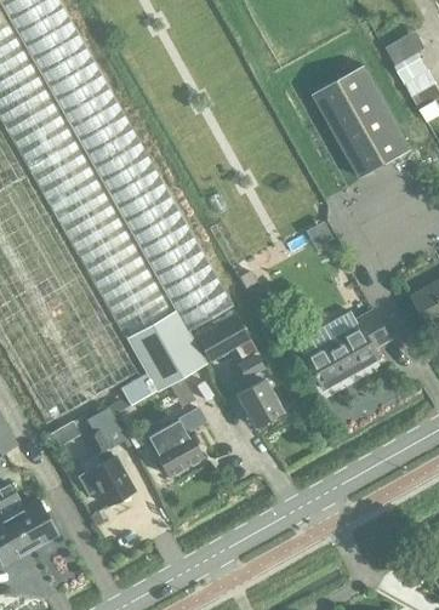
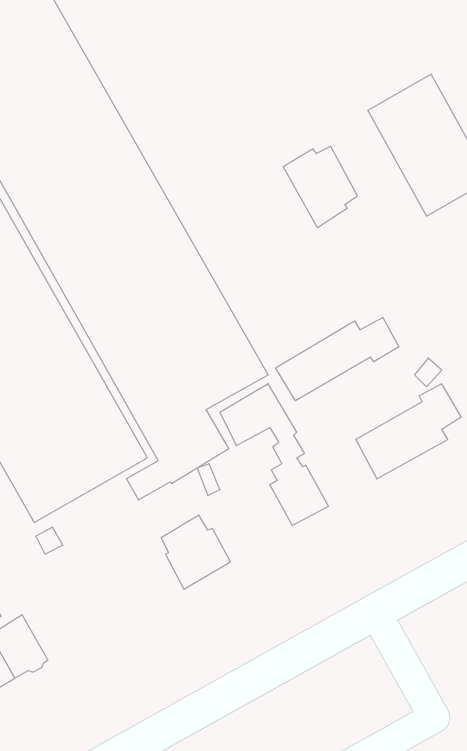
building: none -> [283,146,358,228]
building: none -> [275,317,399,401]
building: [85,406,135,504] -> none

